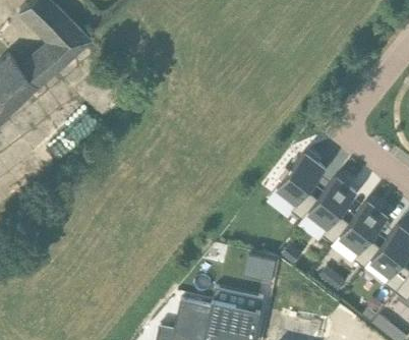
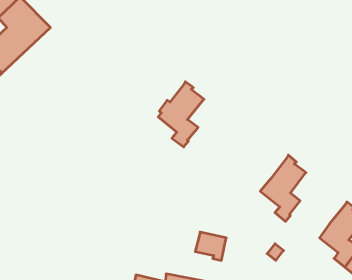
building: [281,152,329,220] -> [158,82,204,147]
building: [342,200,390,269] -> none

